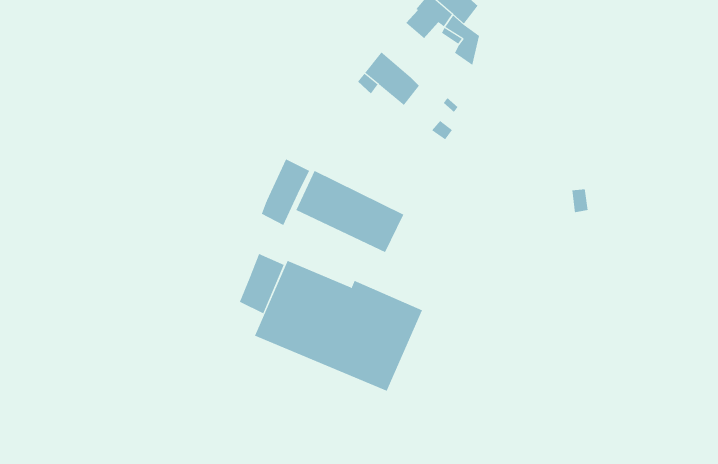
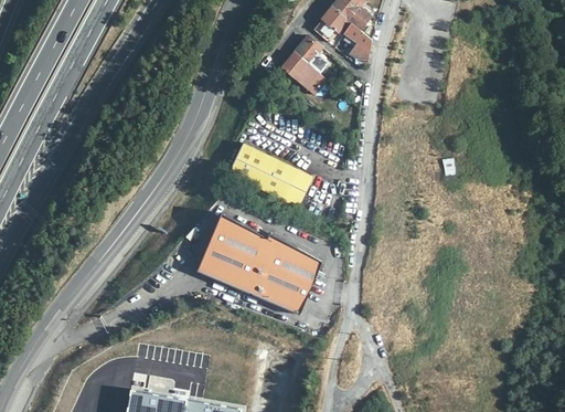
building: none -> [295,36,326,72]
building: [261,159,310,226] -> none
building: [239,253,284,314] -> none

